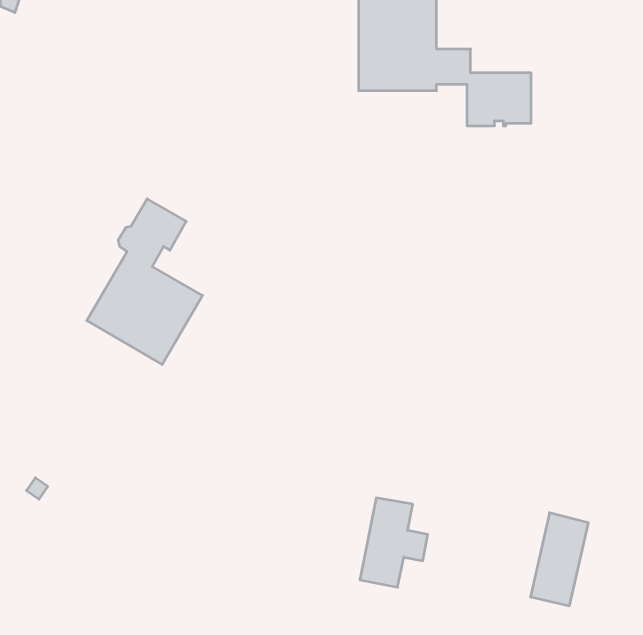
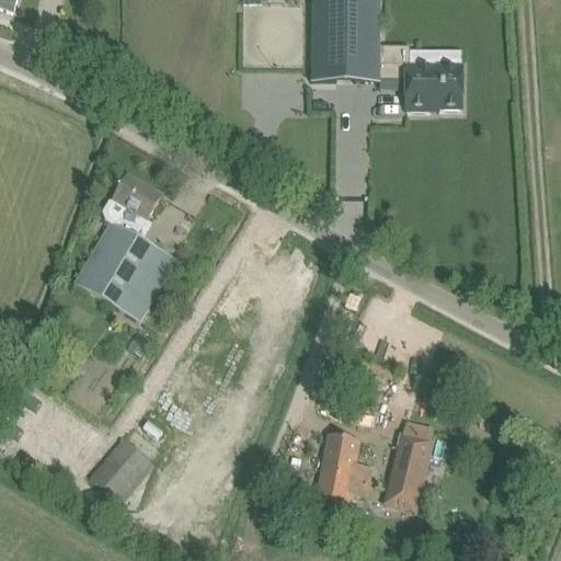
building: none -> [90,436,154,502]
building: [530,513,588,606] -> [385,431,435,512]

